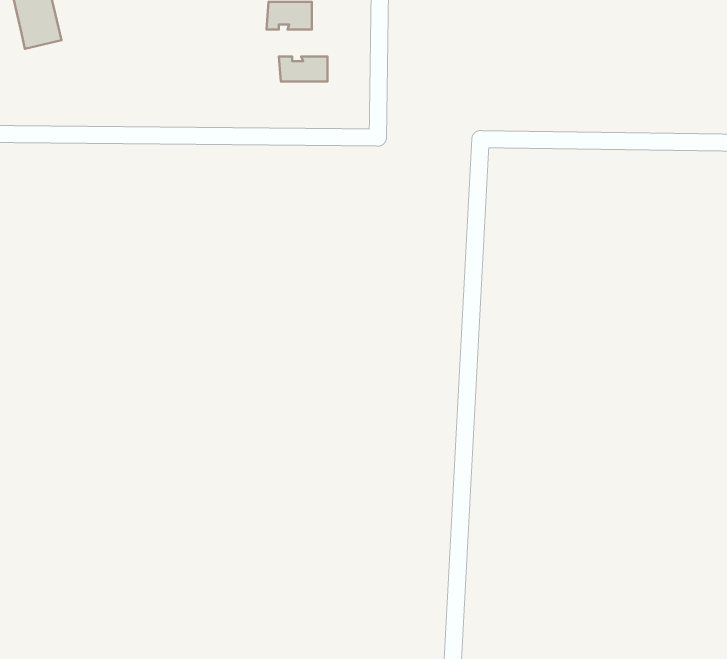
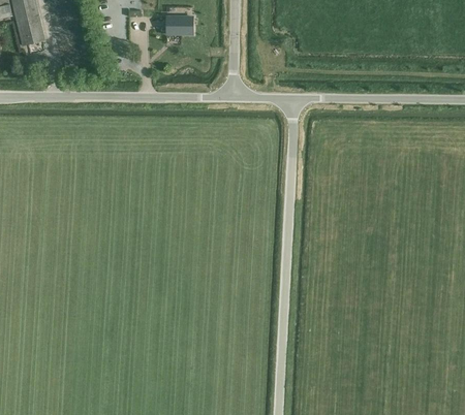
building: [279,56,327,81] -> none

